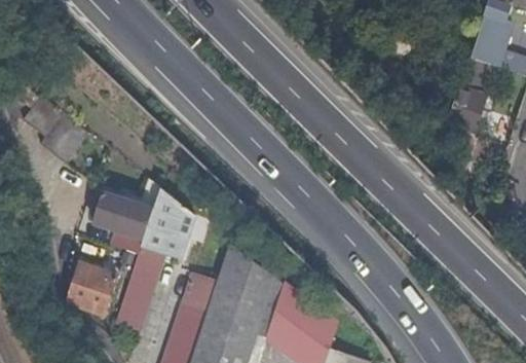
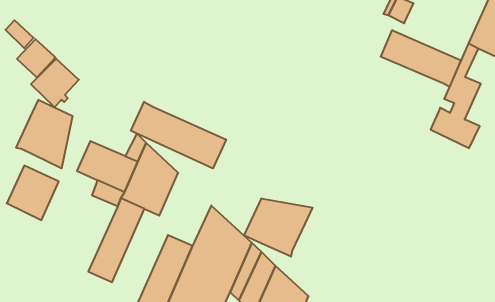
building: none -> [381,30,461,87]
building: none -> [131,102,226,168]
building: none -> [16,100,73,168]
building: none -> [244,198,313,257]
building: [69,262,118,315] -> [7,166,59,220]

